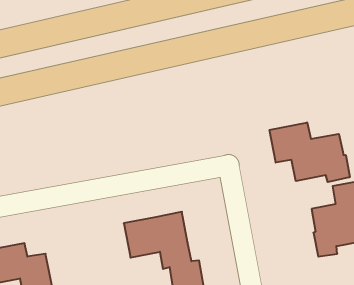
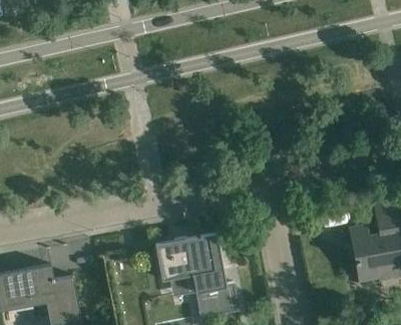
building: [270,122,350,182] -> none

